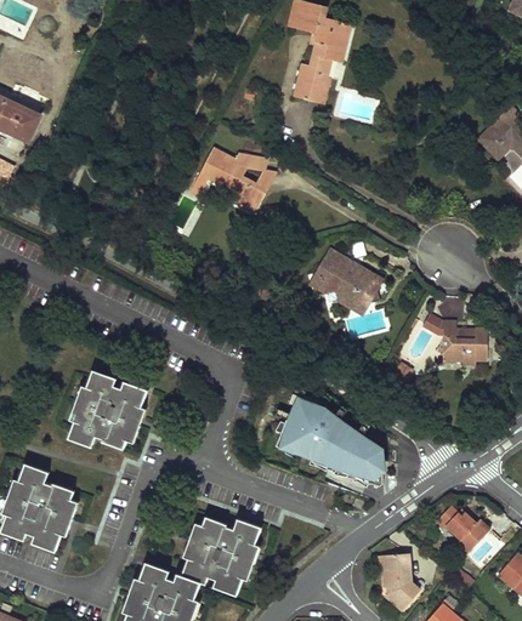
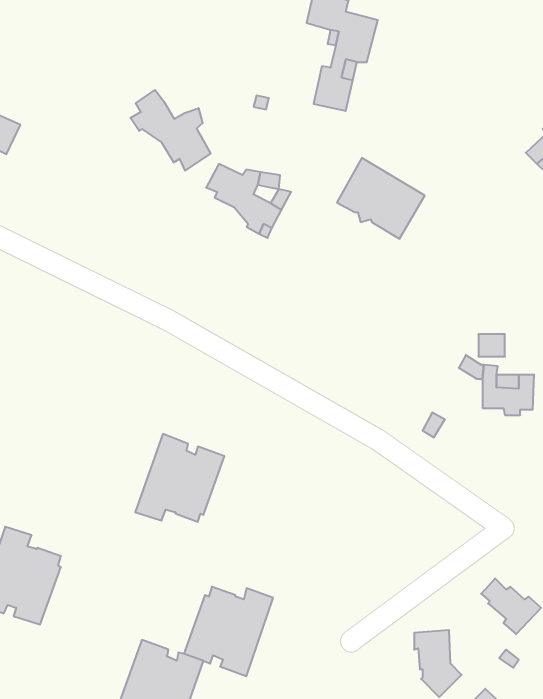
building: none -> [130,90,211,171]
building: [307,246,384,317] -> [337,158,425,239]
building: [69,370,147,446] -> [135,434,224,522]
building: [279,394,388,480] -> none

